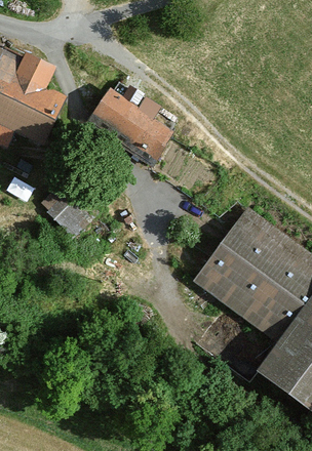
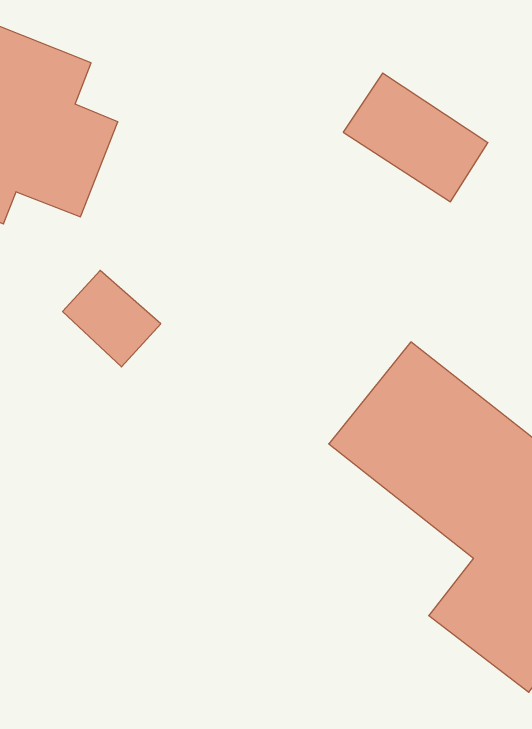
building: [88,87,171,161] -> [343,73,488,202]

